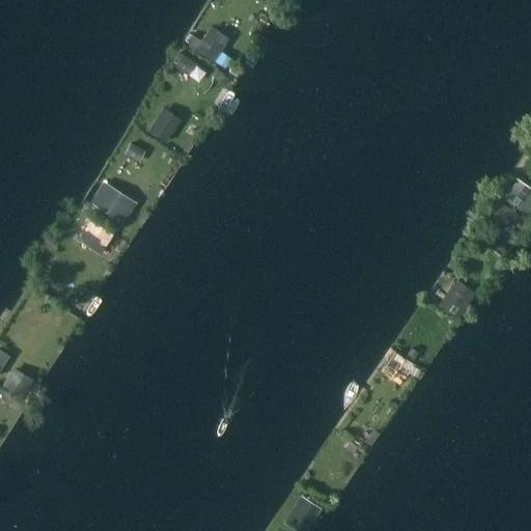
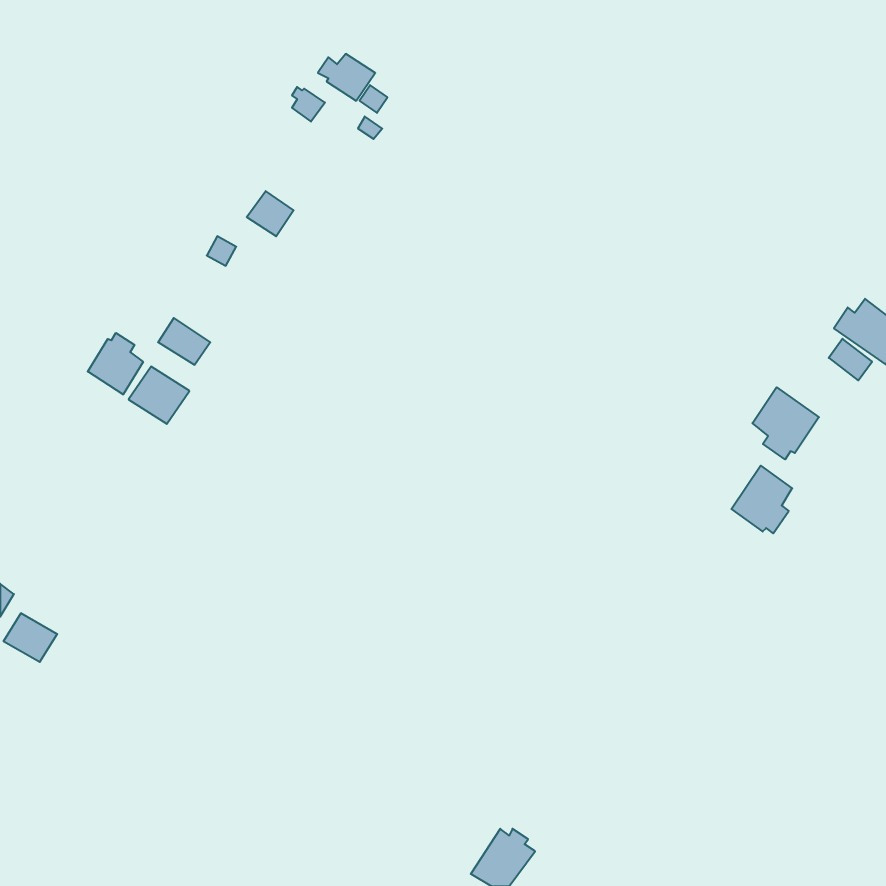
building: none -> [88,333,143,395]
building: none -> [752,387,819,459]

